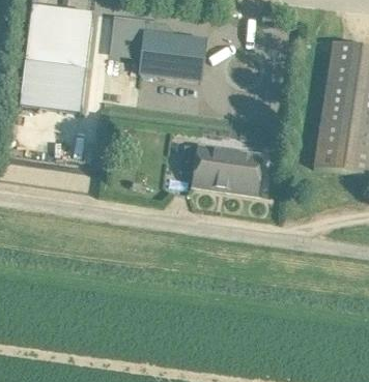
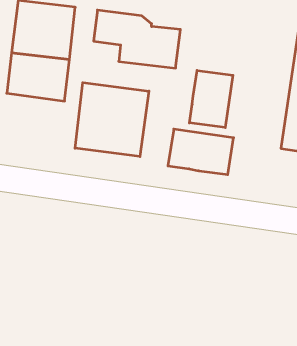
building: none -> [189,70,233,128]
building: none -> [75,83,149,157]

